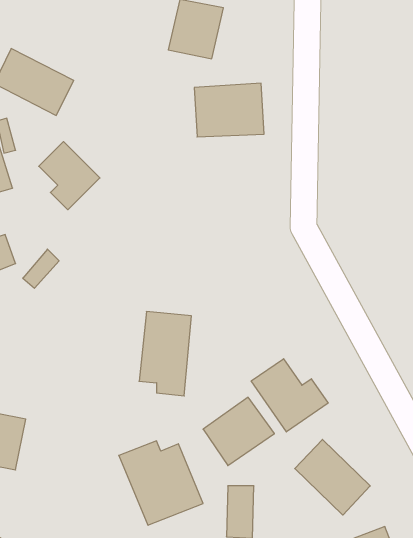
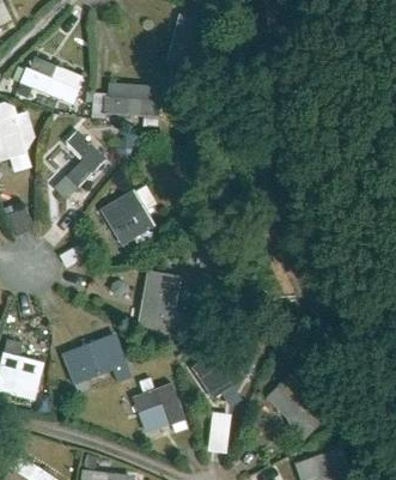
building: [194,83,264,137] -> [106,79,164,123]
building: none -> [93,190,154,250]
building: [251,359,328,432] -> none
building: none -> [63,333,132,384]

